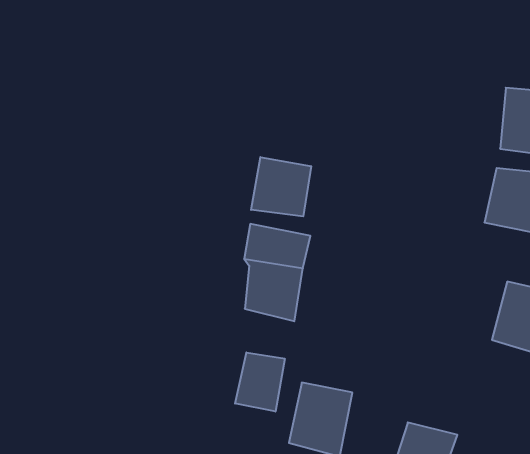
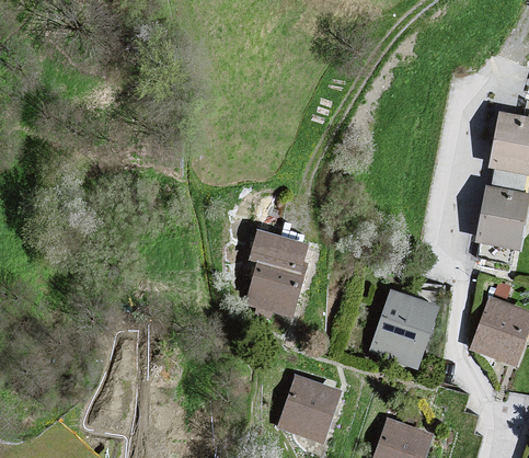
building: [251,157,311,216] -> none
building: none -> [366,288,442,371]
building: [235,352,285,412] -> none

